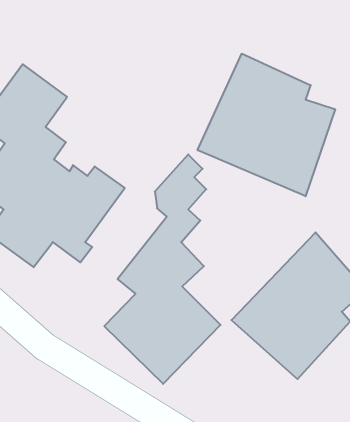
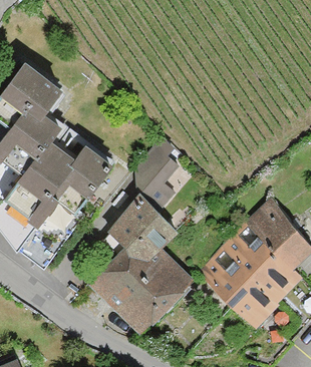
building: [198,54,335,196] -> none

